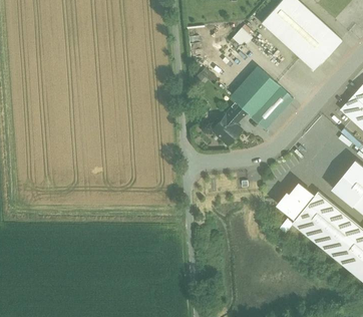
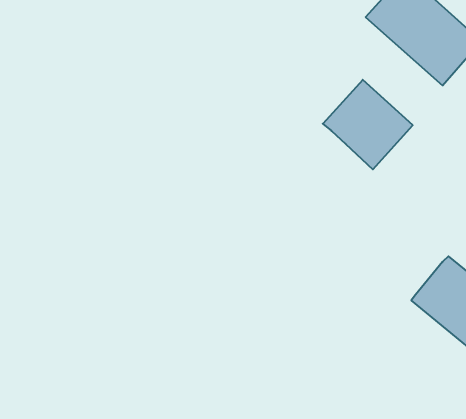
building: [211,103,246,145] -> none
building: [279,185,314,219] -> none

